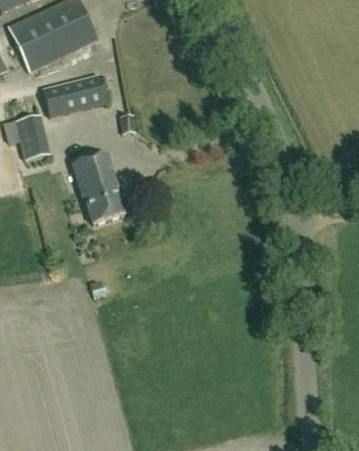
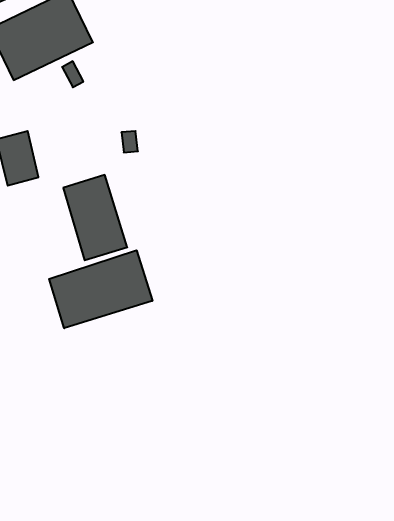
building: [43,75,107,116] -> none
building: none -> [49,250,152,328]

